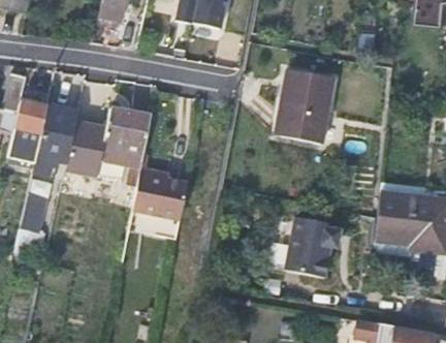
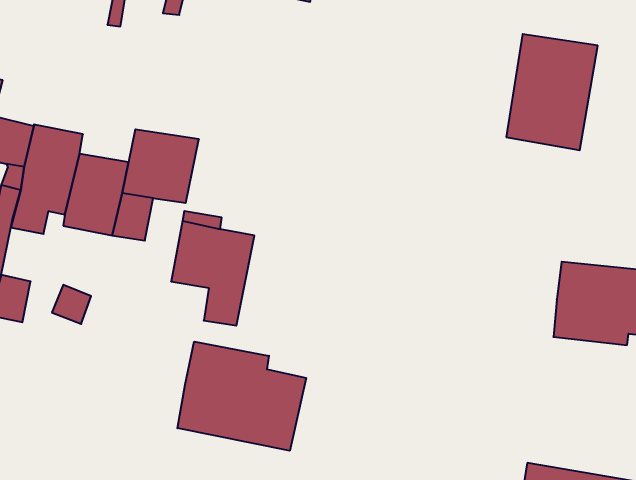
building: [276,69,333,143] -> [506,34,598,150]
building: [288,217,344,277] -> none
building: none -> [177,342,306,451]

